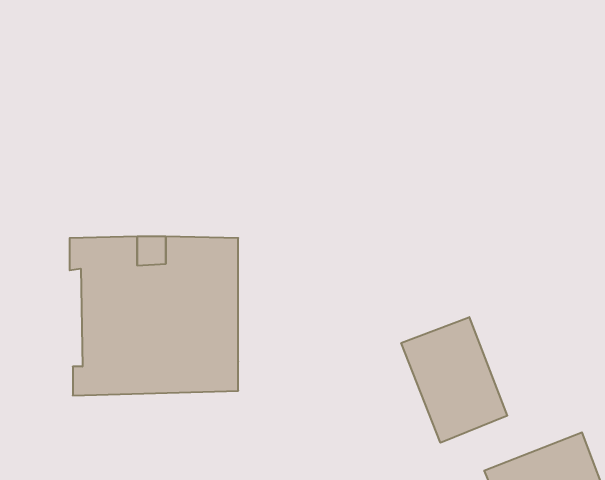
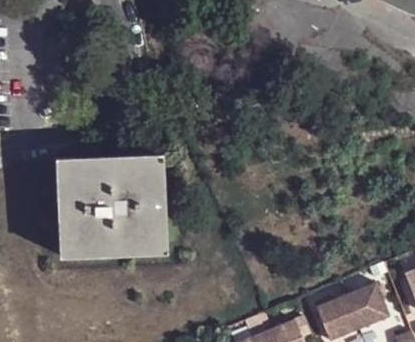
building: [401,317,507,443] -> none

